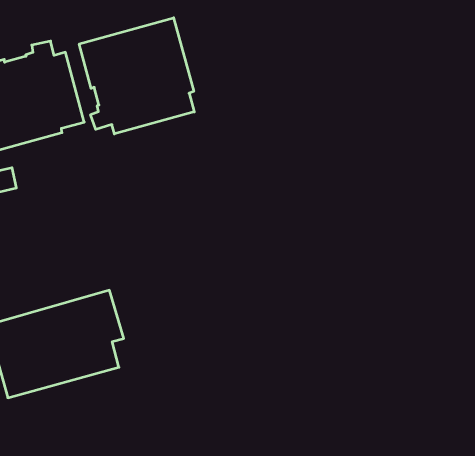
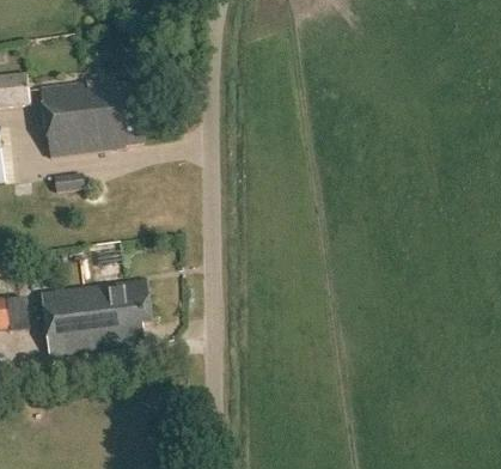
building: [79,18,194,134] -> none

